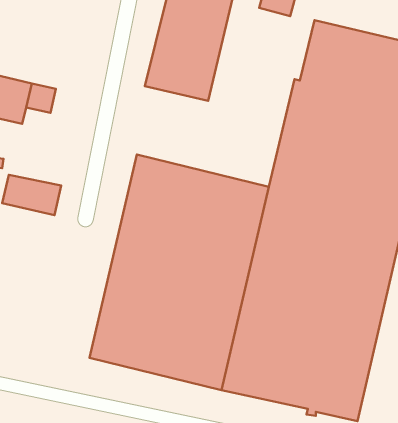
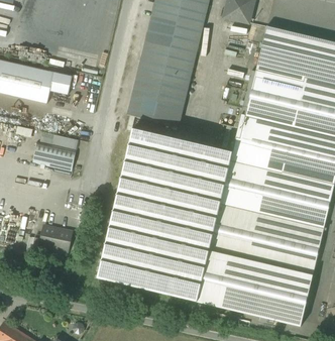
building: none -> [130,74,187,125]
building: none -> [40,224,73,251]

